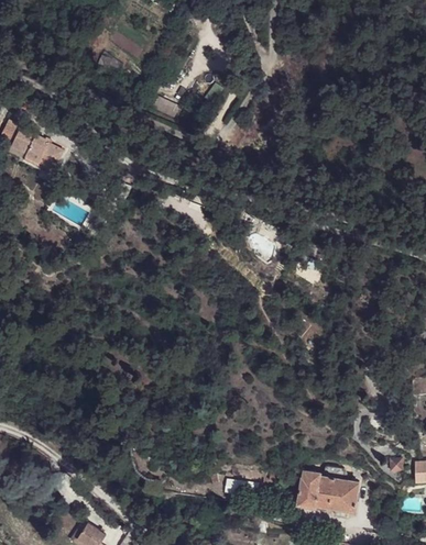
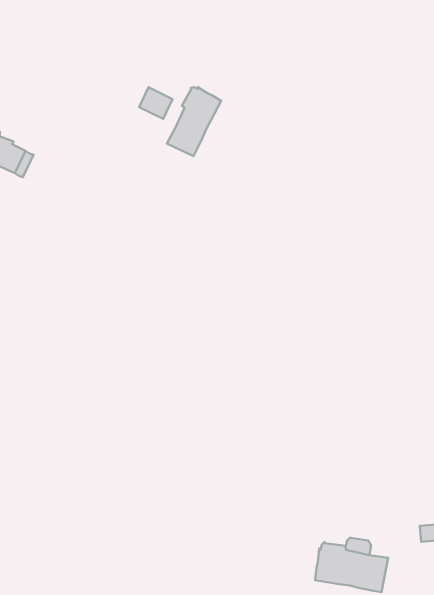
building: none -> [167,87,221,156]

